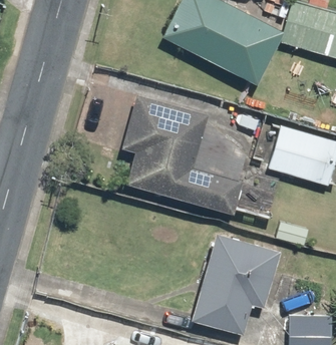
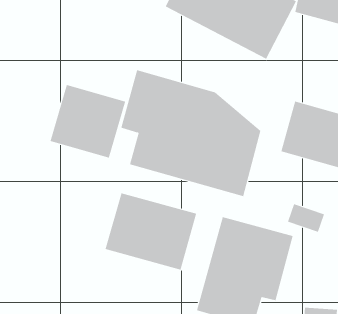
building: none -> [50,84,126,158]
building: none -> [105,192,197,271]

